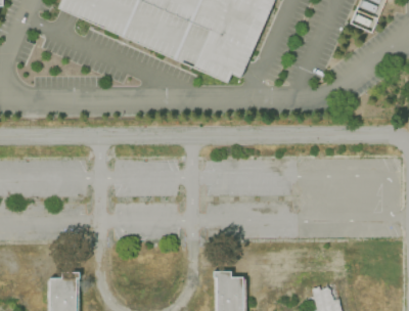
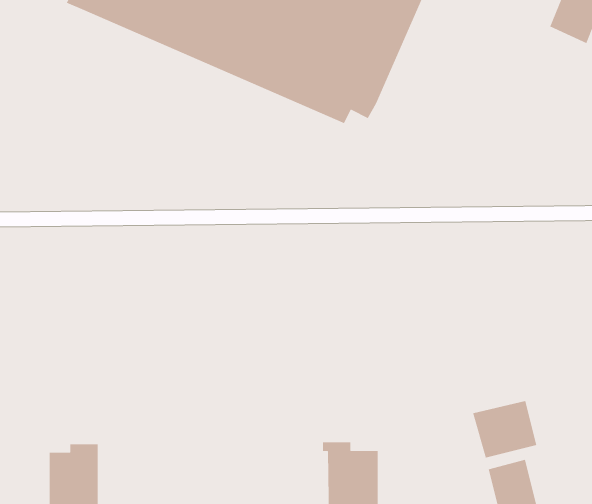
building: none -> [472,400,537,458]

